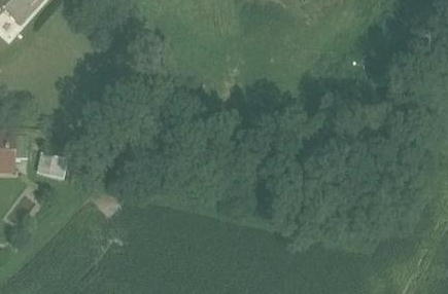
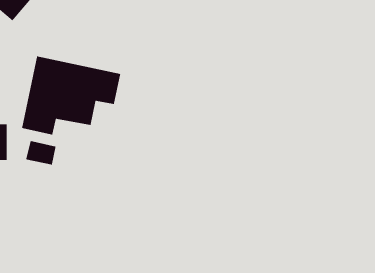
building: none -> [21,55,121,135]

